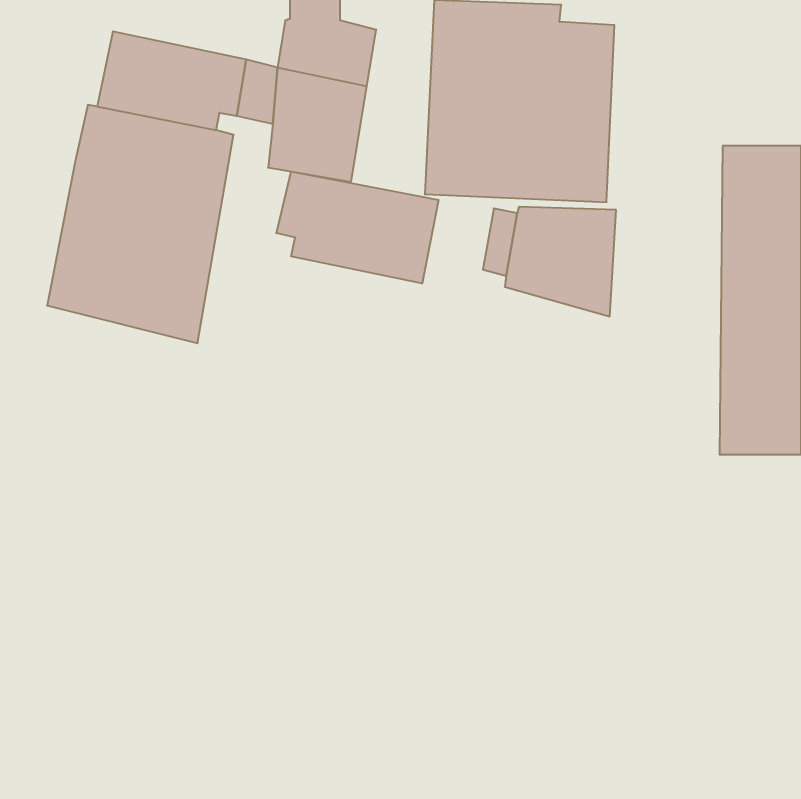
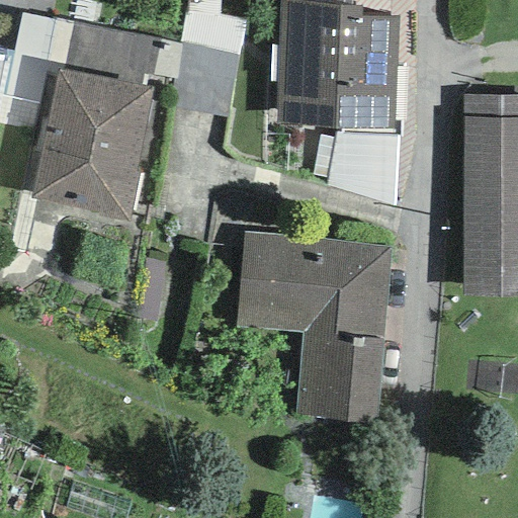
building: none -> [4,13,73,104]
building: [276,172,439,284] -> none
building: none -> [236,233,392,421]

